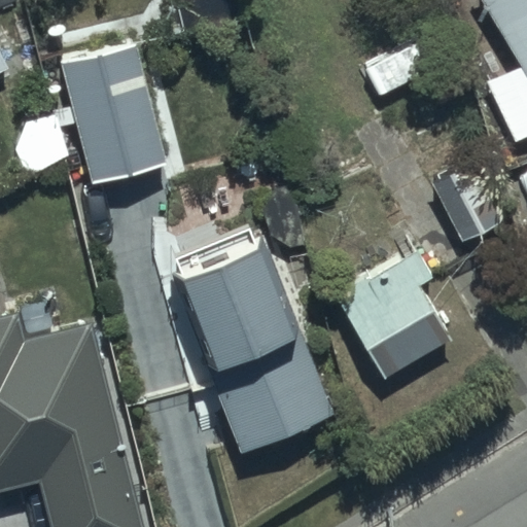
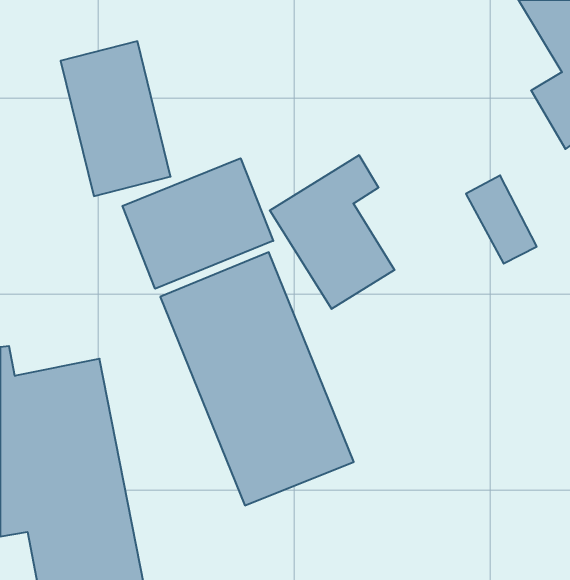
building: none -> [122,158,273,289]
building: [330,241,443,379] -> [270,155,395,309]

